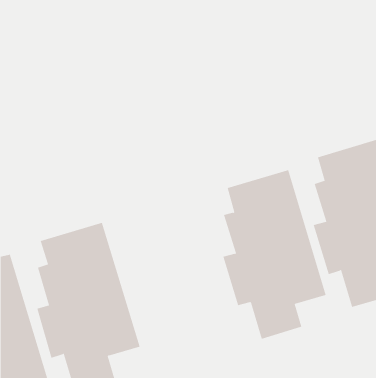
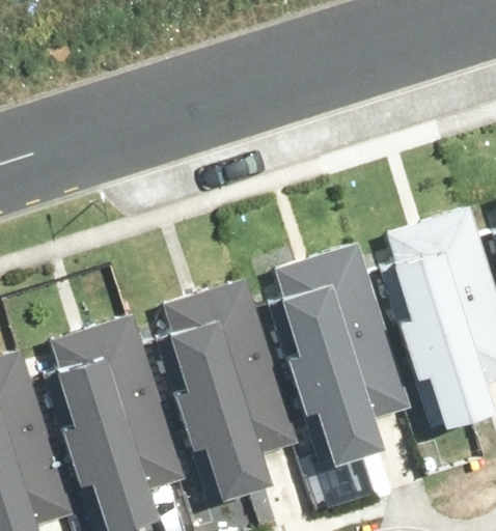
building: none -> [168,282,297,493]

